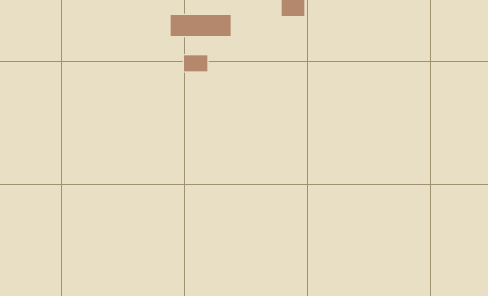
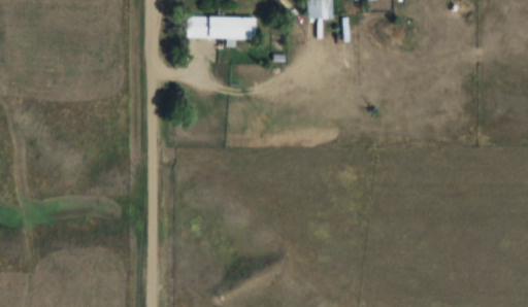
building: [184,55,208,72] -> none

